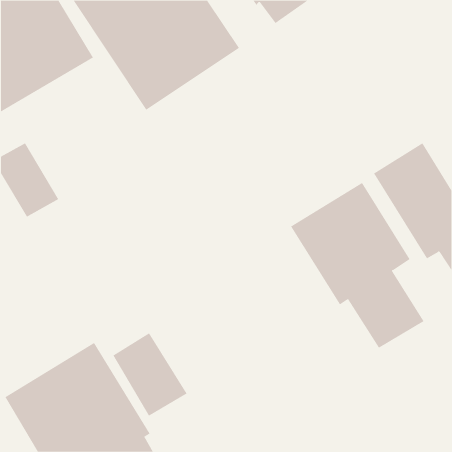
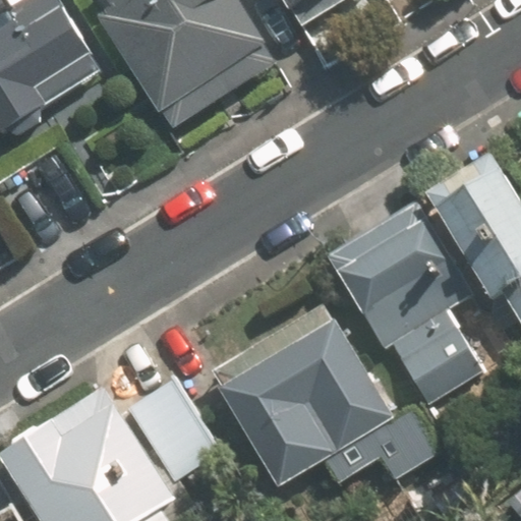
building: none -> [214,308,430,484]

